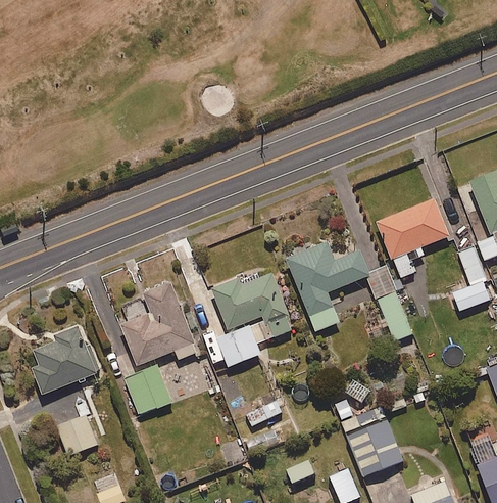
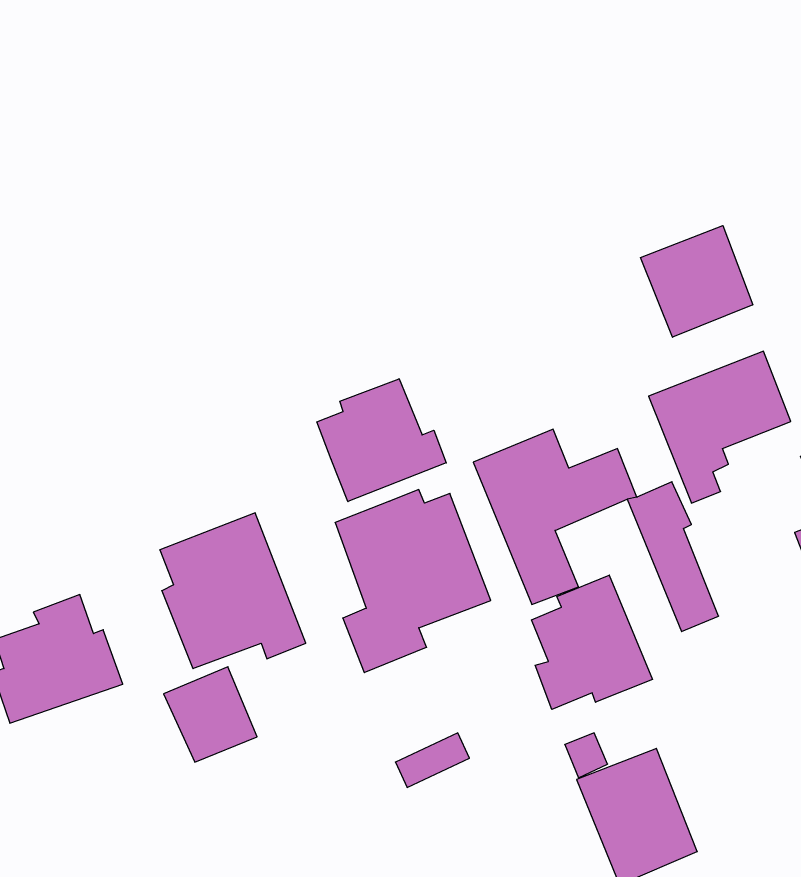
building: none -> [640,226,753,337]
building: none -> [317,379,446,502]
building: none -> [531,575,652,709]
building: [55,414,97,456] -> none

